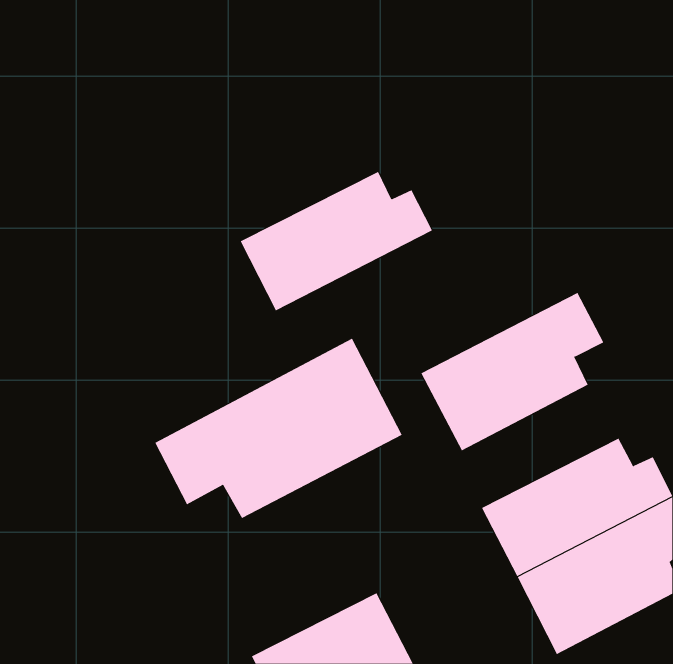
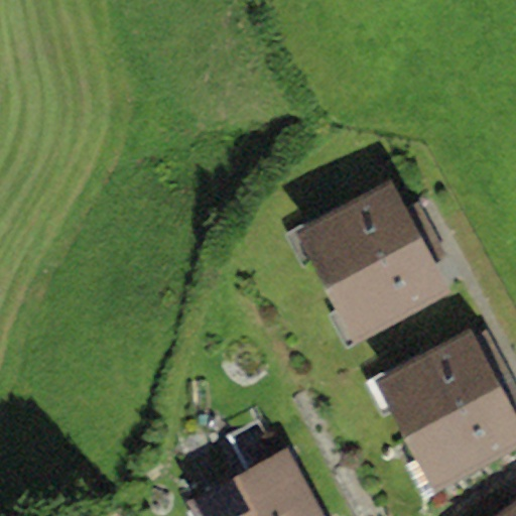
building: [240,171,433,311] -> [293,177,440,284]
building: [154,338,402,519] -> none

